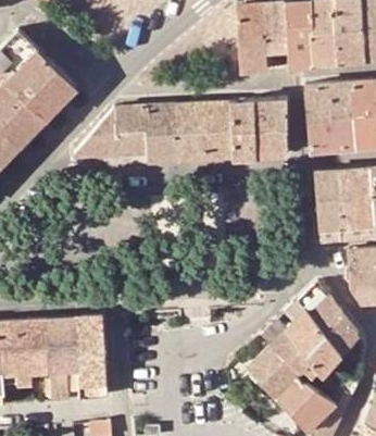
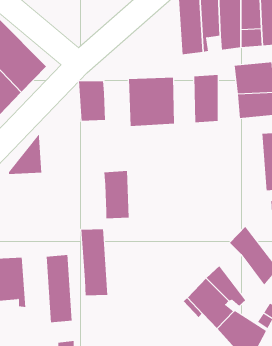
building: [231,101,256,159] -> none
building: [147,104,178,163] -> [104,170,130,219]
building: [77,107,118,158] -> [8,132,42,175]
building: [313,171,343,242] -> none
building: [285,300,341,376] -> none
building: [48,320,82,401] -> [80,229,108,296]

